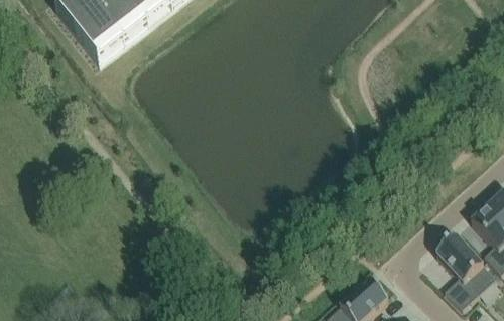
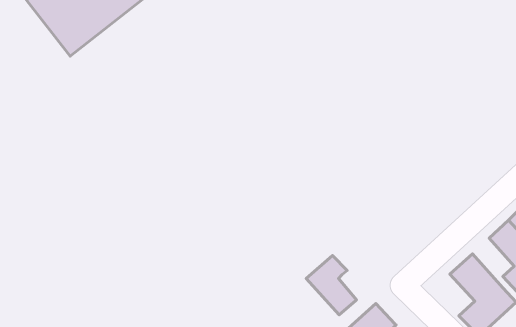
building: none -> [306,255,357,315]

